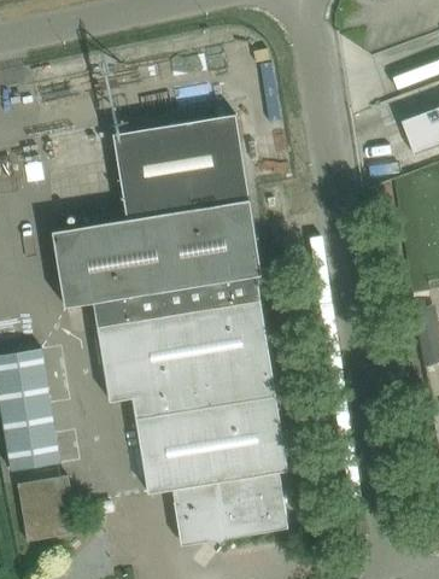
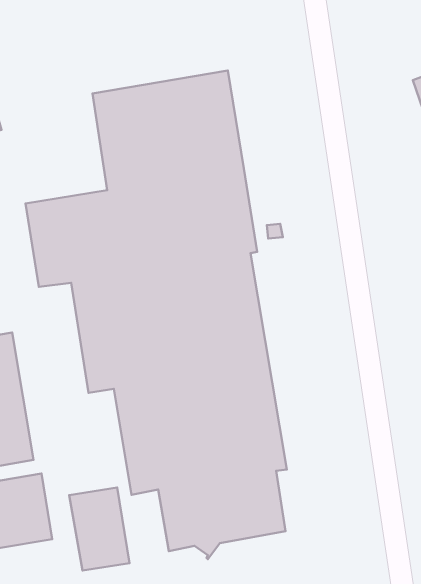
building: none -> [69,488,130,570]

